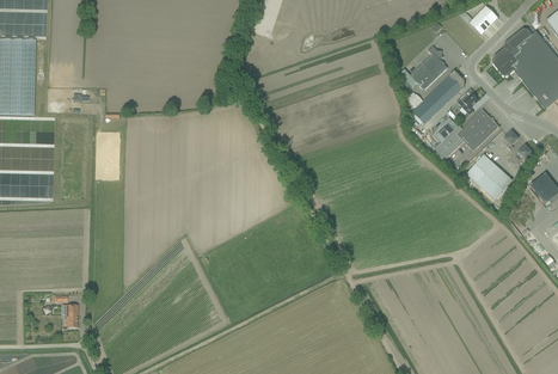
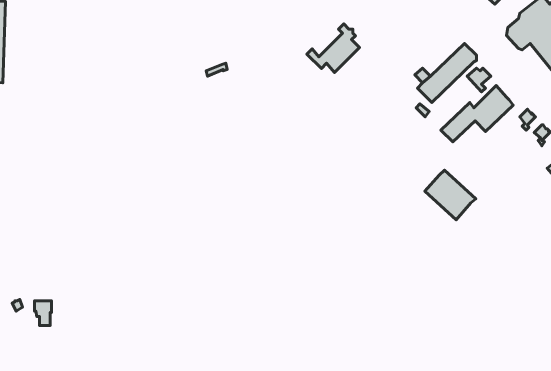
building: [399,45,447,90] -> [307,24,359,72]
building: [466,154,513,200] -> [425,170,476,220]

